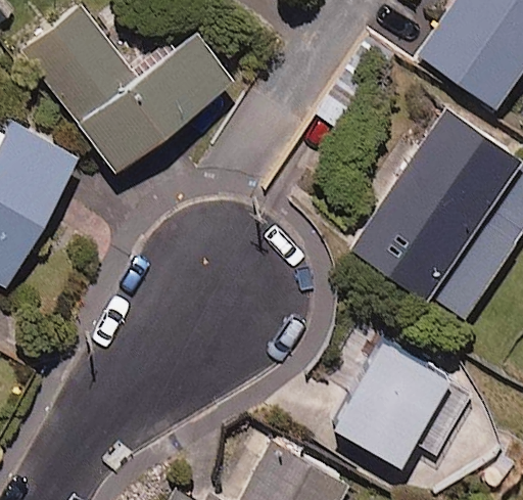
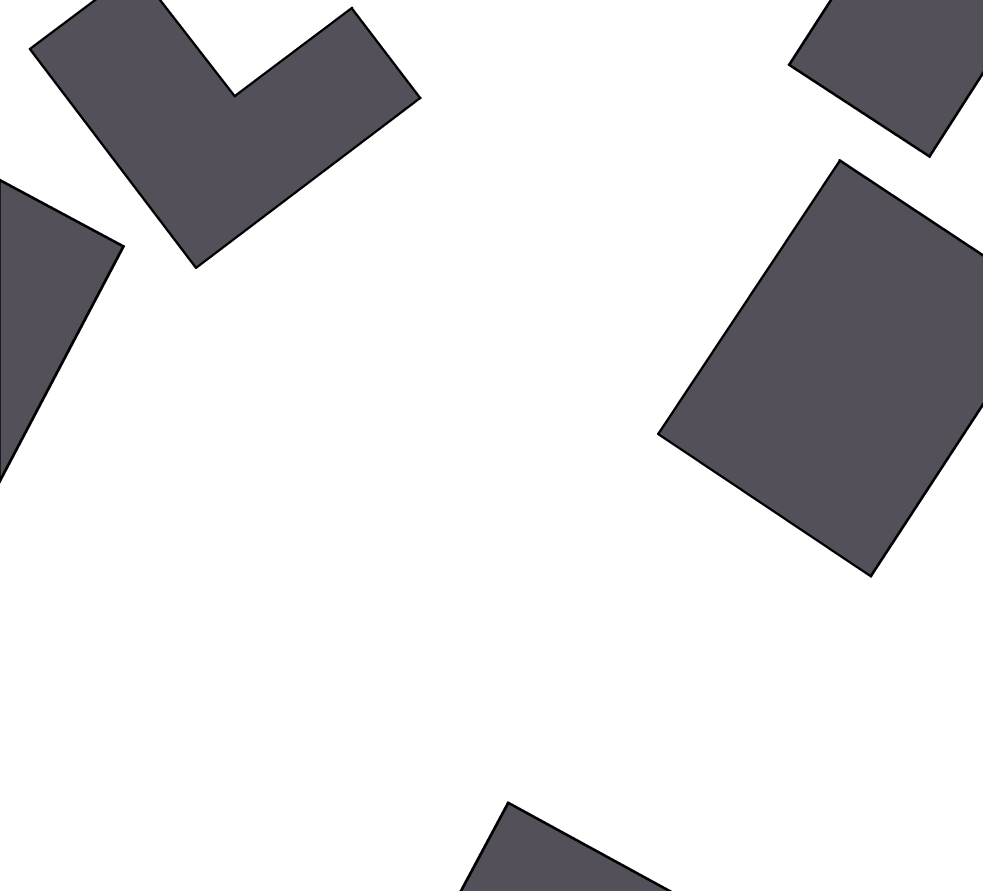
building: [331,333,470,463] -> none

